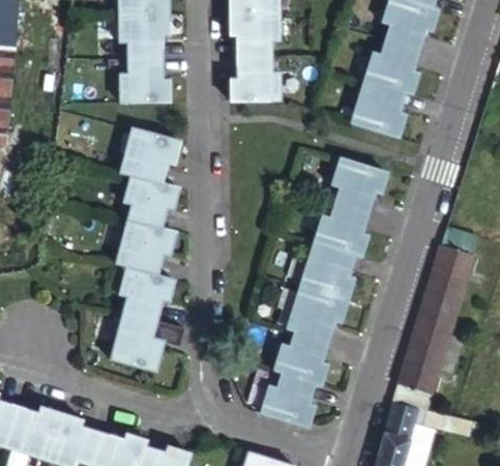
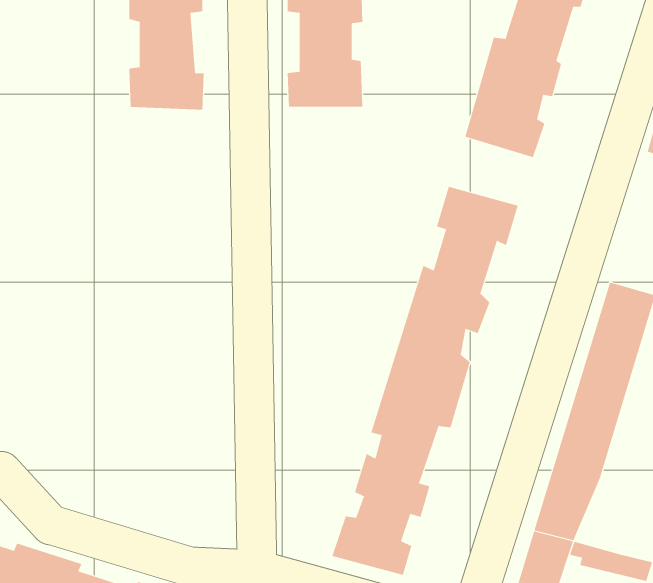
building: [112,128,185,370] -> none

